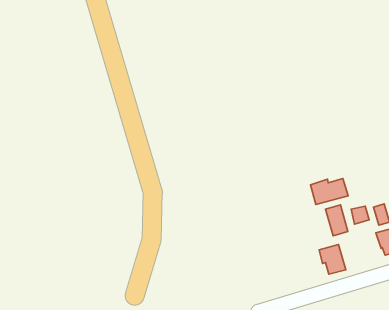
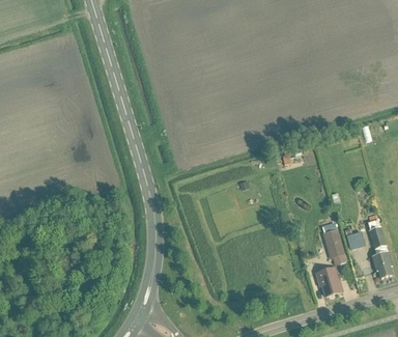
building: [310,179,348,204] -> none

